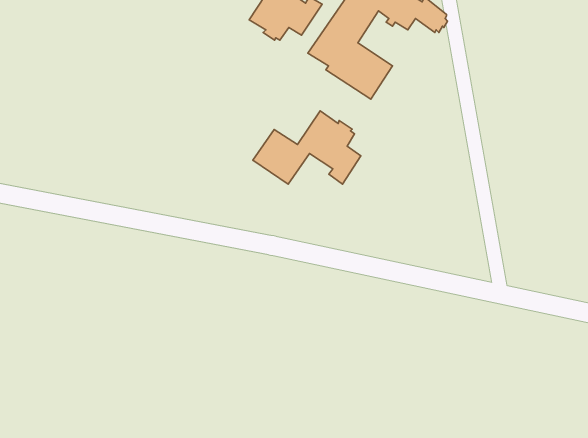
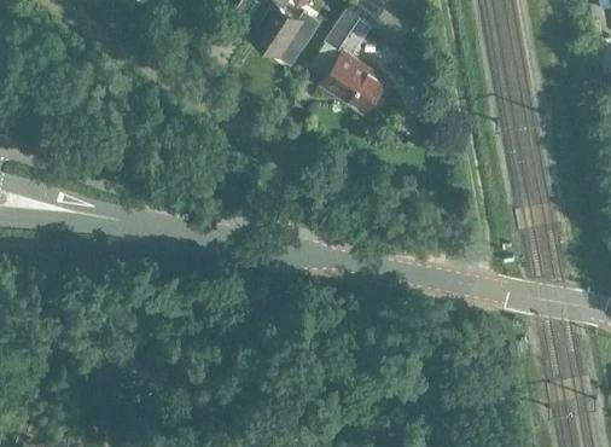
building: [253,111,361,184] -> none

